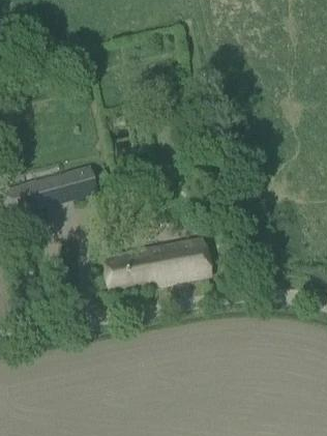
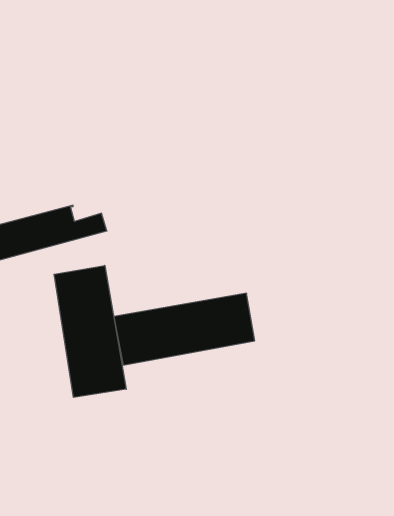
building: none -> [54,265,126,397]

